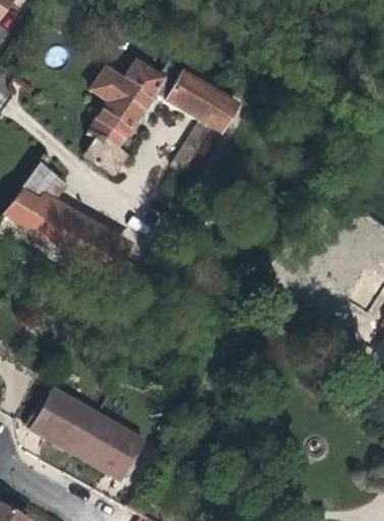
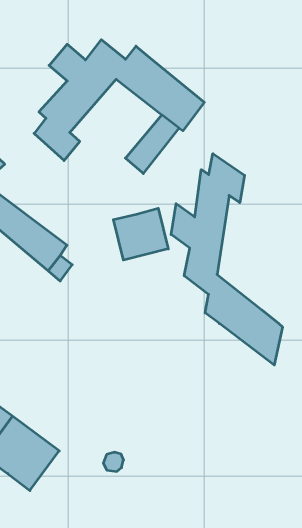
building: none -> [171,154,282,365]
building: none -> [113,208,168,260]

